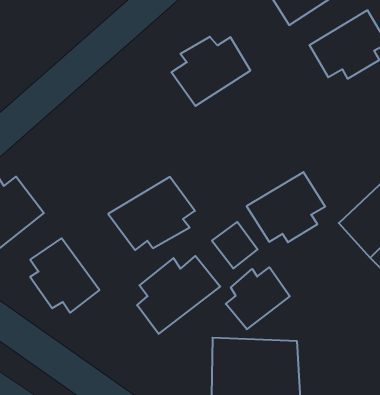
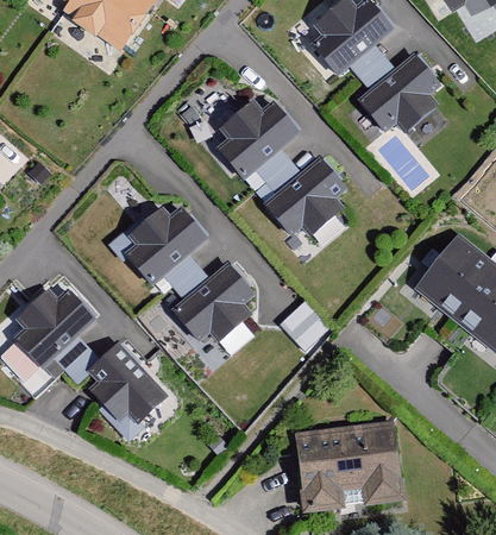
building: none -> [112,199,206,284]
building: [247,172,325,242] -> [262,153,347,234]
building: [137,256,220,334] -> none
building: [226,267,290,329] -> none

